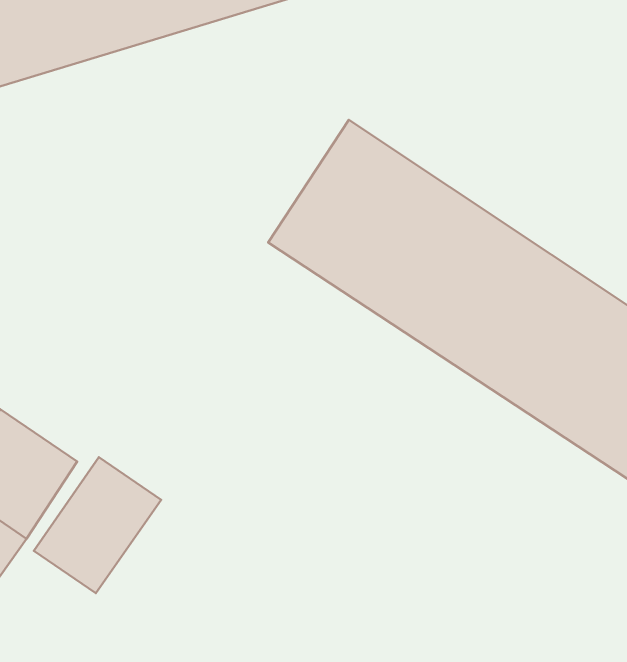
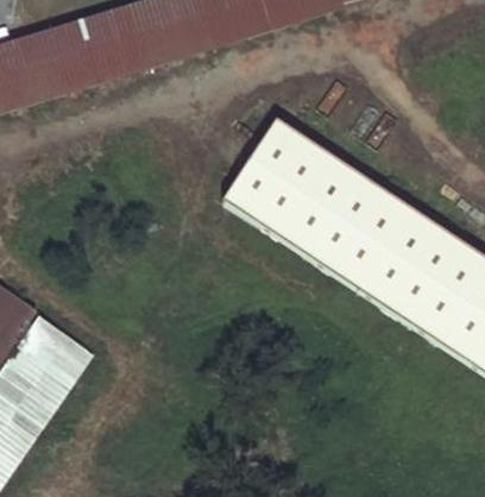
building: [34,457,161,593] -> none

